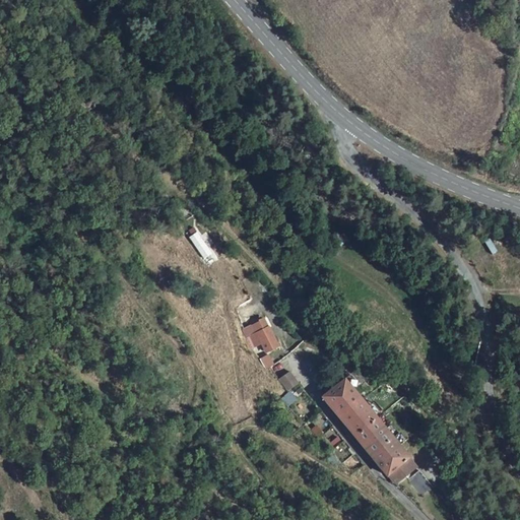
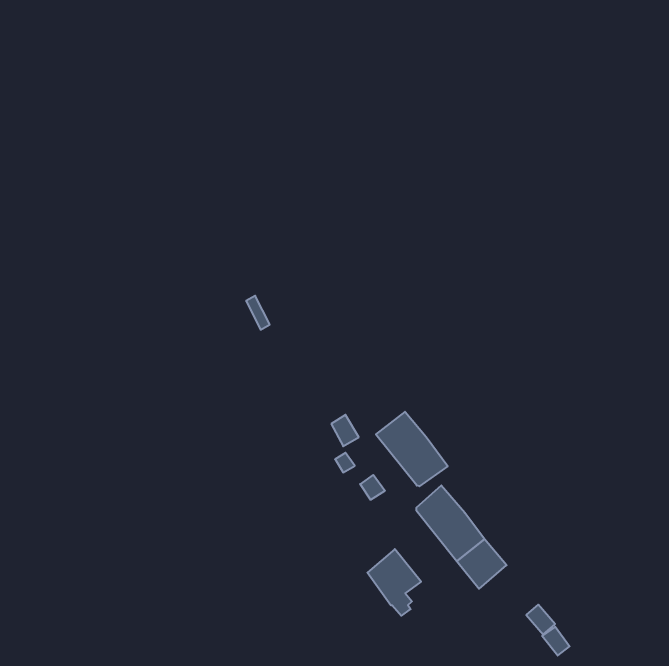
building: none -> [376,412,448,486]
building: [372,439,413,491] -> [367,549,421,616]

